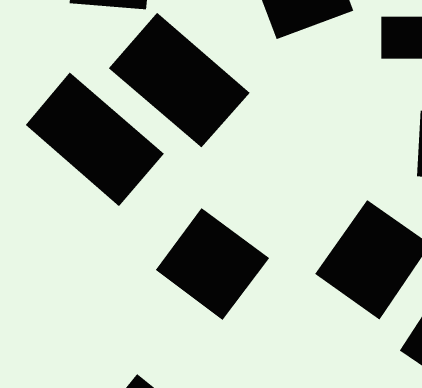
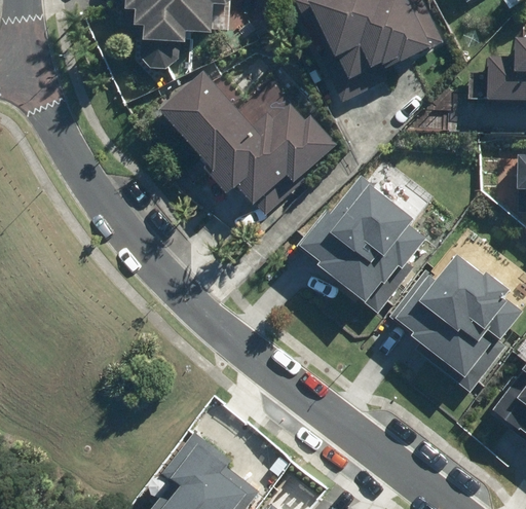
building: [25,72,165,207] -> none
building: [155,207,270,321] -> [304,188,435,317]

